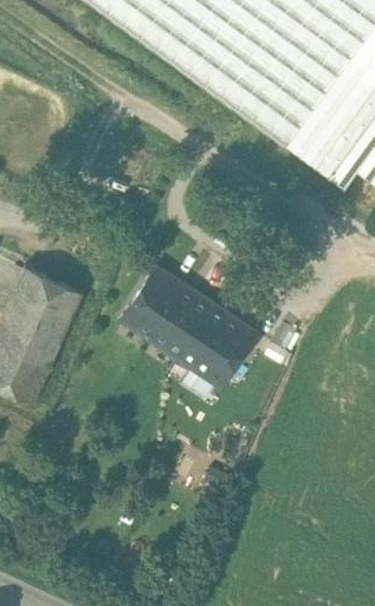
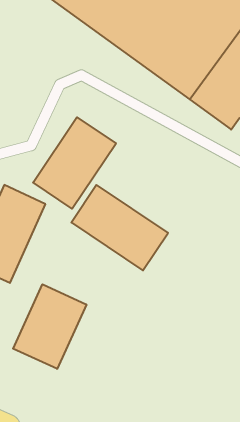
building: none -> [33,117,116,209]
building: none -> [13,284,86,369]

